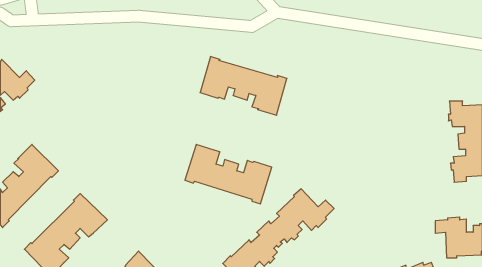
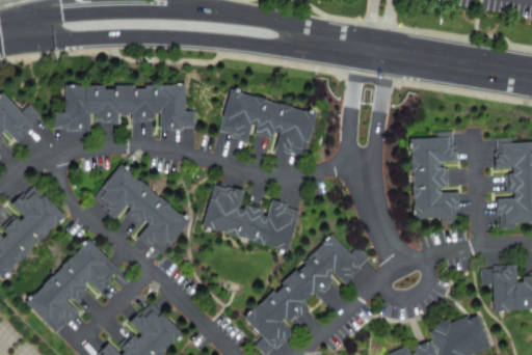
building: none -> [55,85,196,131]
building: none -> [408,134,455,223]
building: none -> [96,166,189,253]

